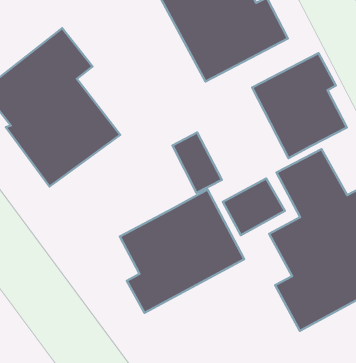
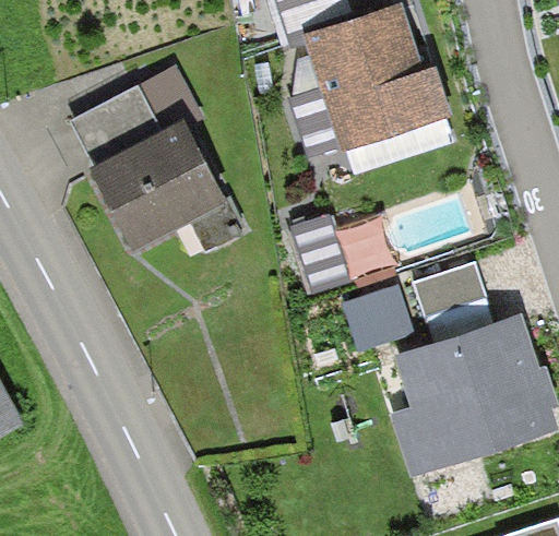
building: [252,53,347,158] -> none
building: [120,189,244,313] -> none

